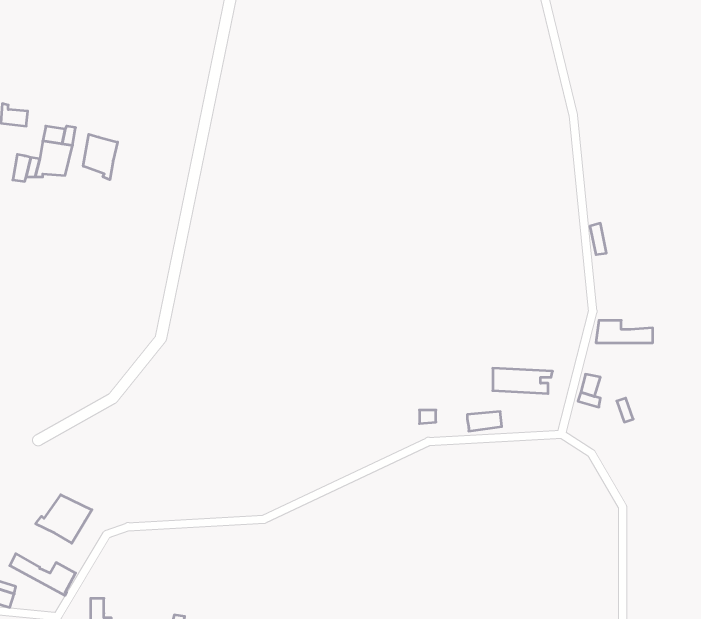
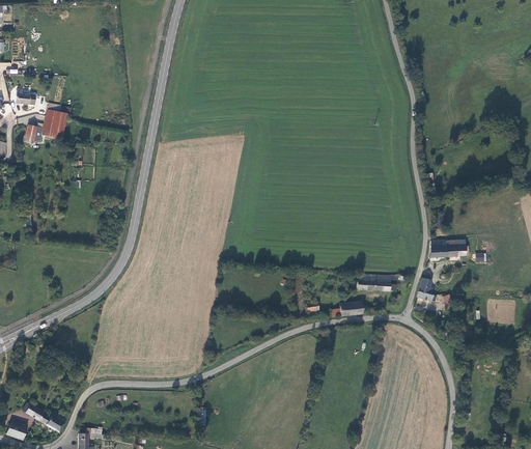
building: [83,134,118,180] -> none
building: [36,495,92,543] -> none

